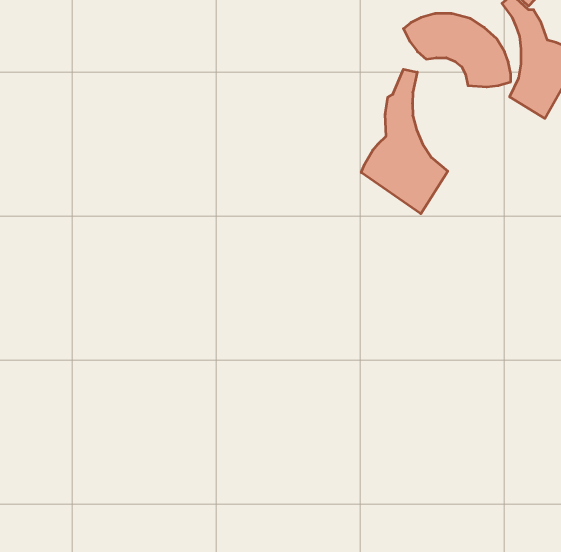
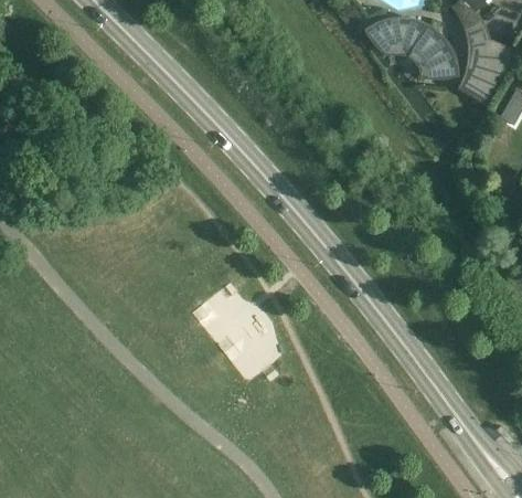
building: [361,69,448,214] -> none

